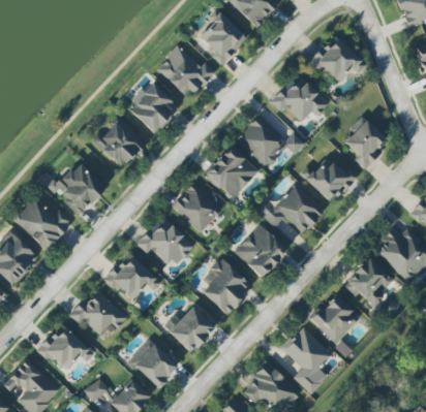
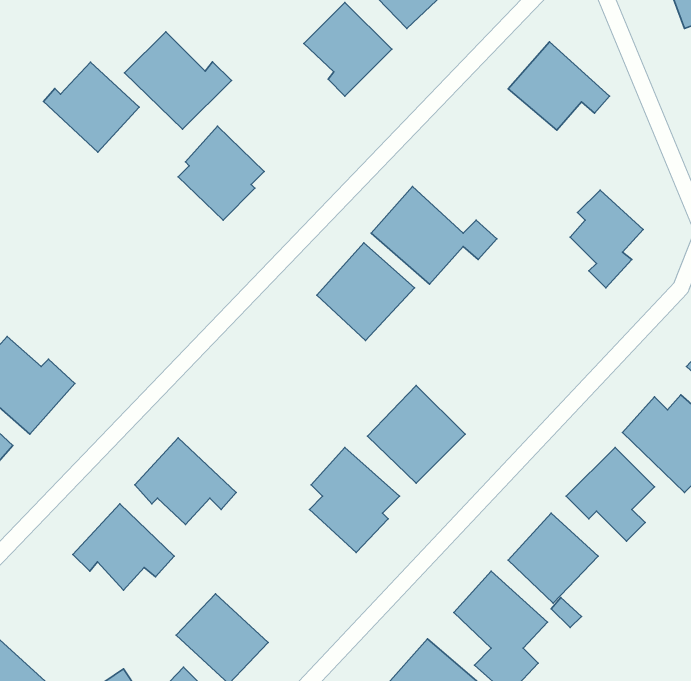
building: [156,45,215,99] -> [124,32,231,129]
building: [271,74,329,123] -> none
building: [92,119,145,168] -> [44,62,139,152]
building: [300,158,357,204] -> none
building: [48,163,105,216] -> none
building: [173,184,222,232] -> none
building: [254,185,324,233] -> none
building: [136,220,193,268] -> none
building: [163,305,216,353] -> none
building: [37,324,94,371] -> none

